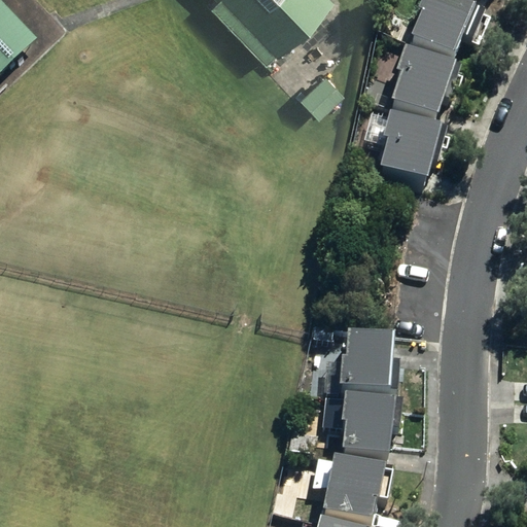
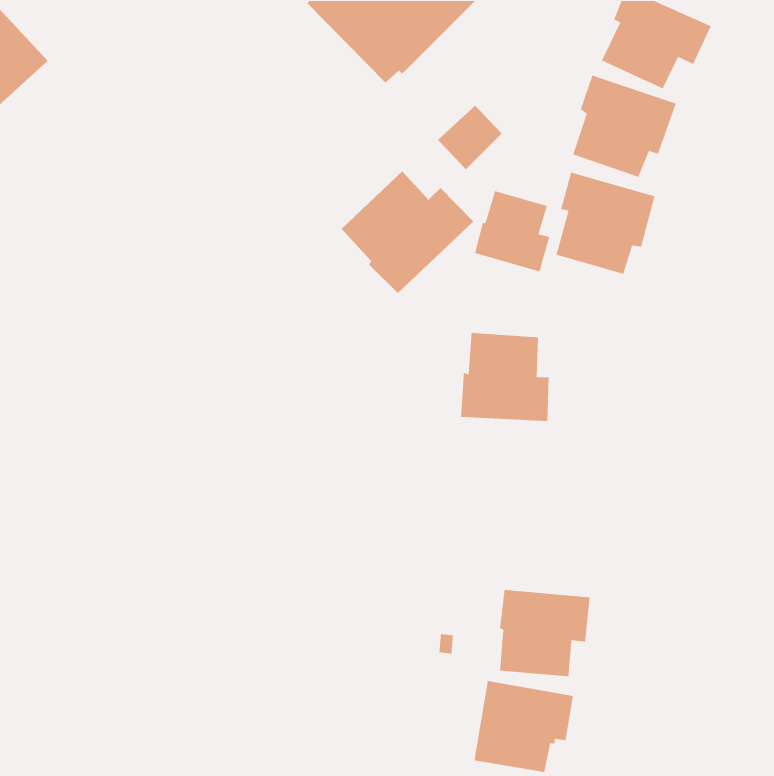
building: none -> [341,171,474,294]
building: none -> [474,190,550,272]
building: [337,335,397,395] -> [460,332,550,422]

